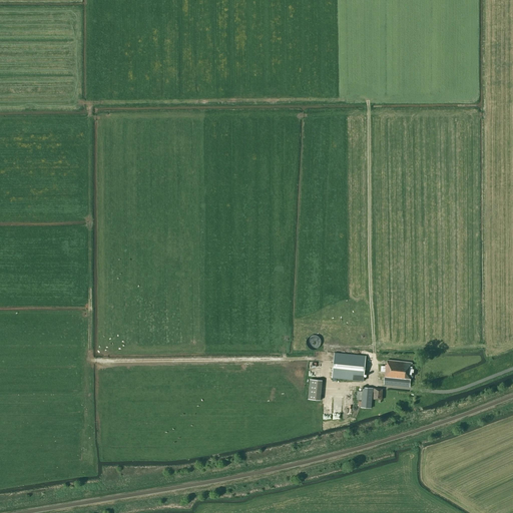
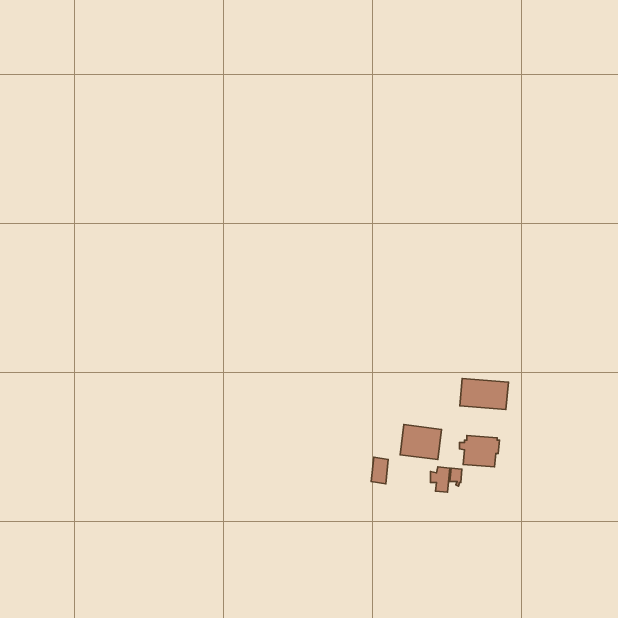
building: none -> [460,379,509,409]

